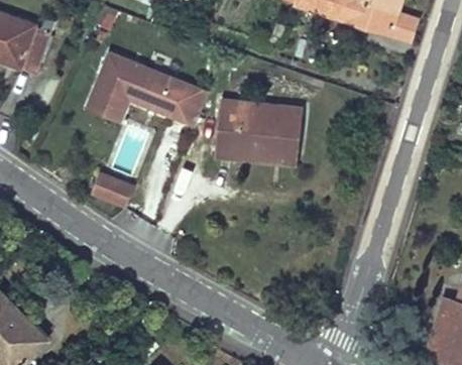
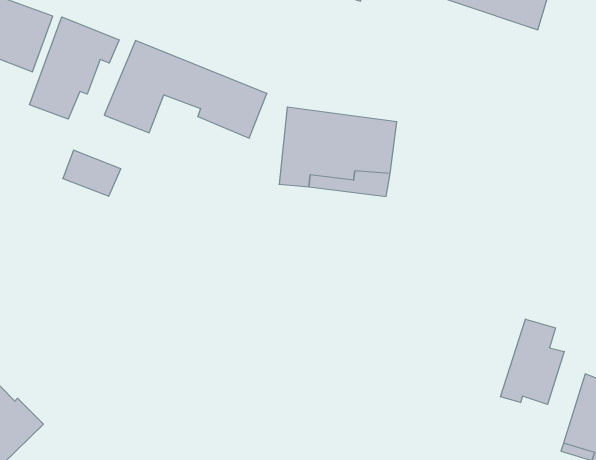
building: none -> [29,17,119,119]
building: [93,169,136,204] -> [63,150,121,196]
building: none -> [501,319,564,404]

